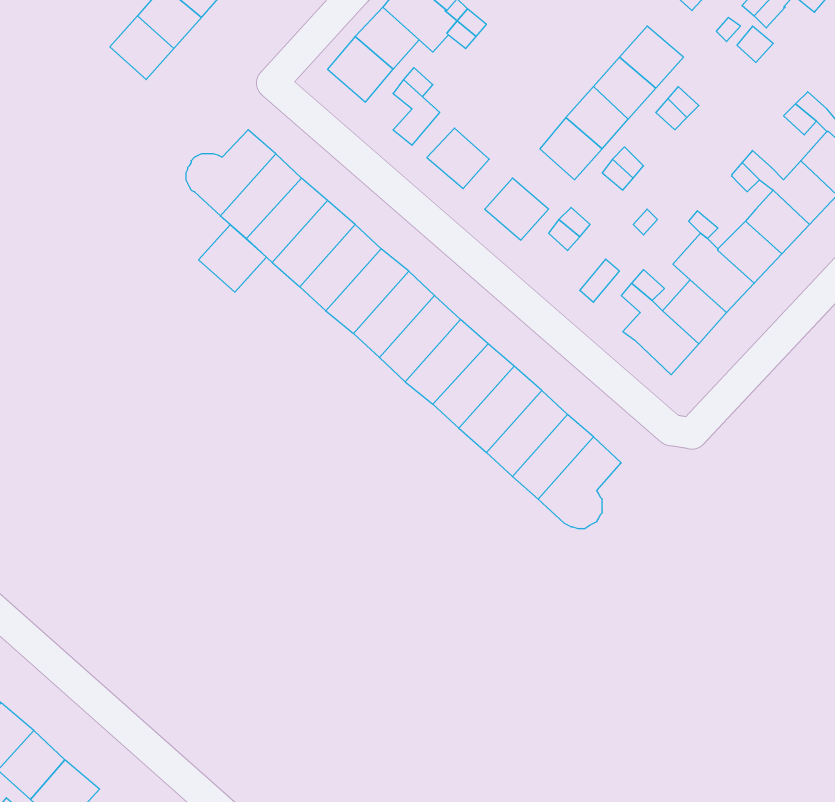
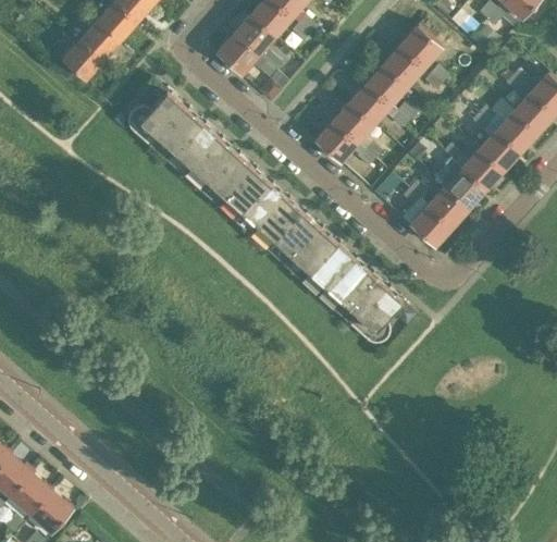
building: none -> [61,39,102,81]
building: [427,128,489,189] -> [333,103,372,141]
building: [199,225,266,292] -> none

